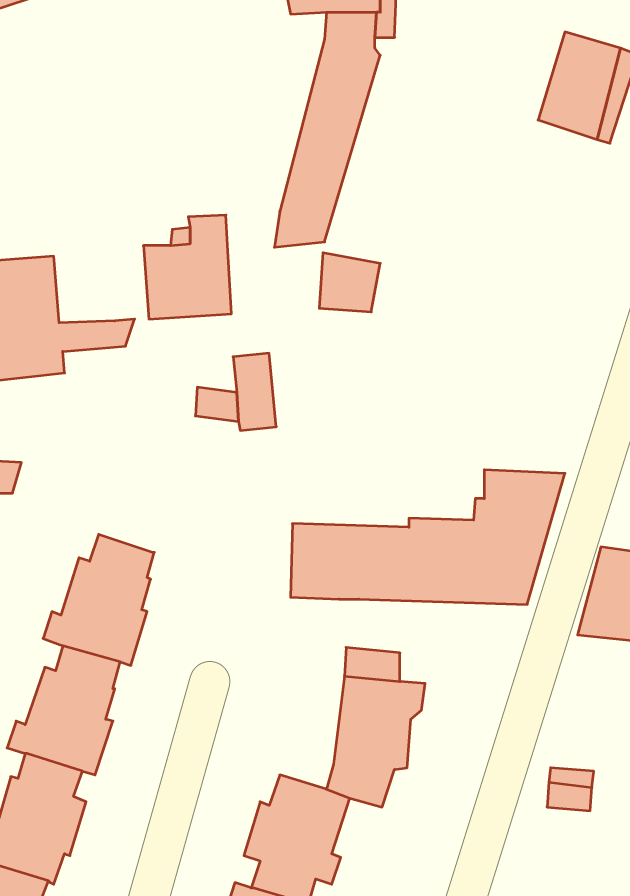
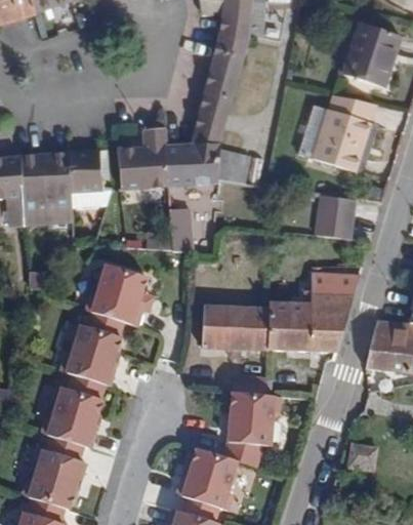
building: none -> [303,106,371,171]
building: none -> [166,144,221,185]
building: none -> [67,148,101,190]
building: none -> [314,193,356,240]
building: none -> [87,264,147,325]

